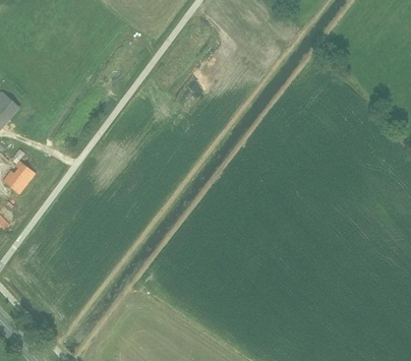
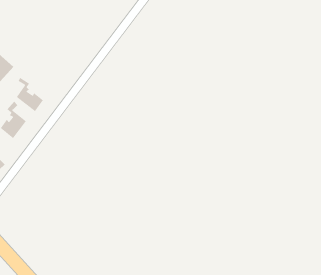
building: none -> [16,77,44,112]

